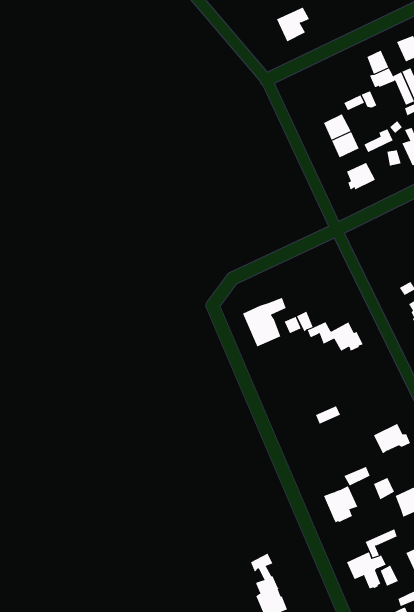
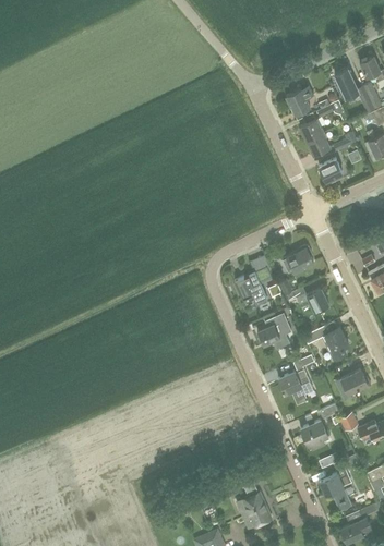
building: [276,7,310,42] -> [286,86,313,114]
building: none -> [286,243,313,271]
building: none -> [257,313,291,349]
building: none -> [303,325,348,361]
building: none -> [278,368,312,396]

